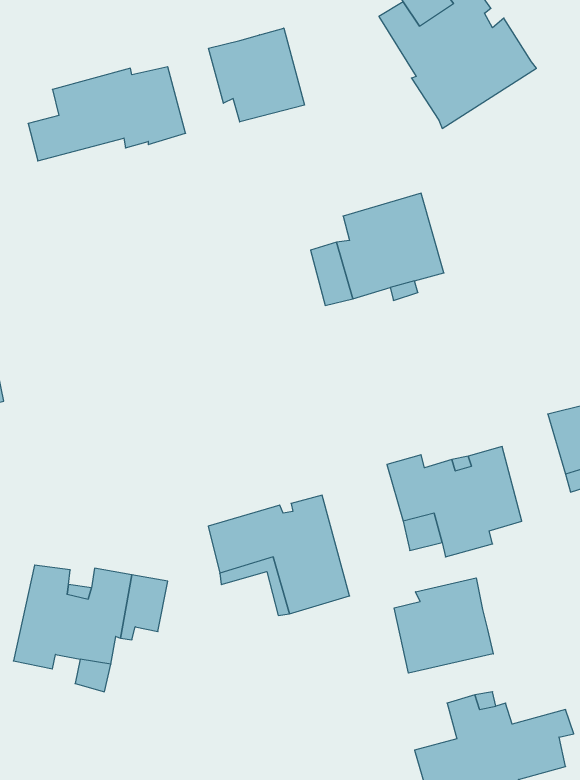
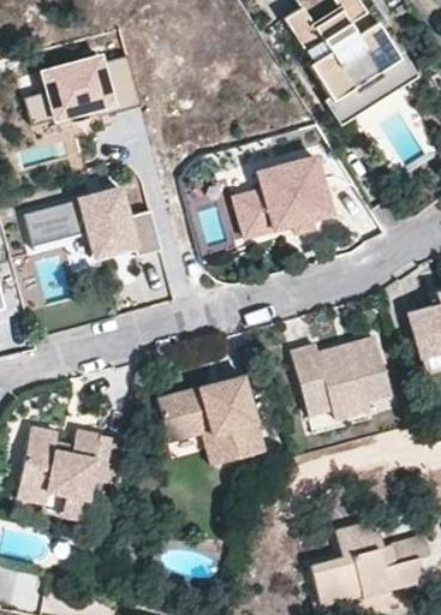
building: [209,28,304,122] -> none
building: none -> [323,53,419,127]
building: none -> [25,187,162,257]
building: [394,578,493,673] -> none

